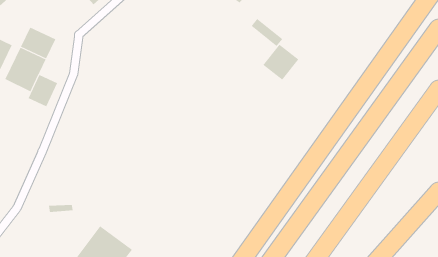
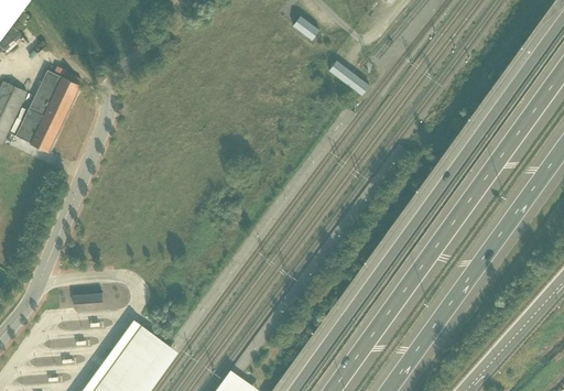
building: [262,44,299,81] -> none
building: [28,74,58,107] -> none

